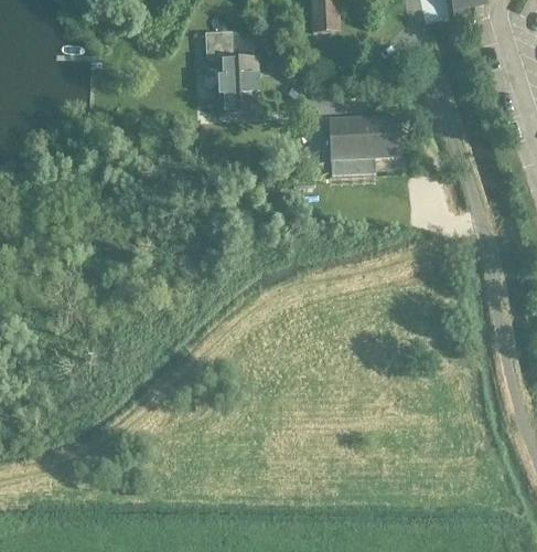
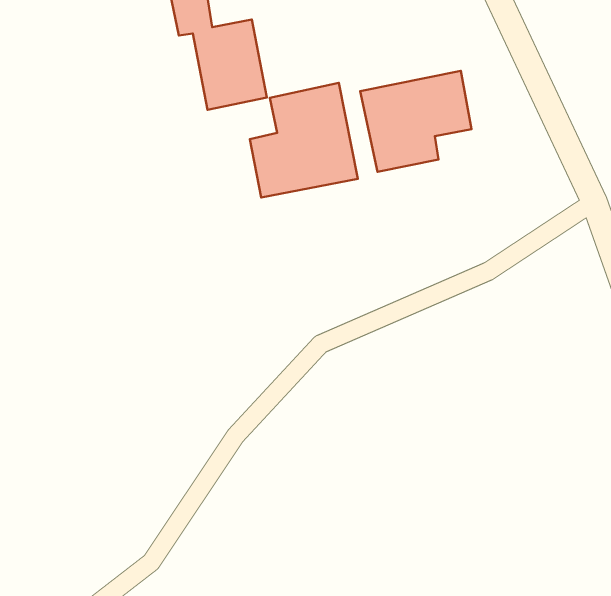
building: none -> [250,83,358,197]

